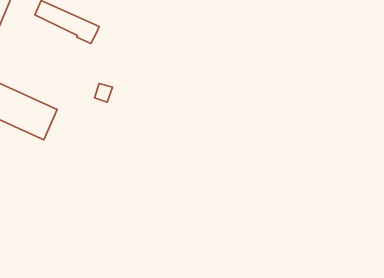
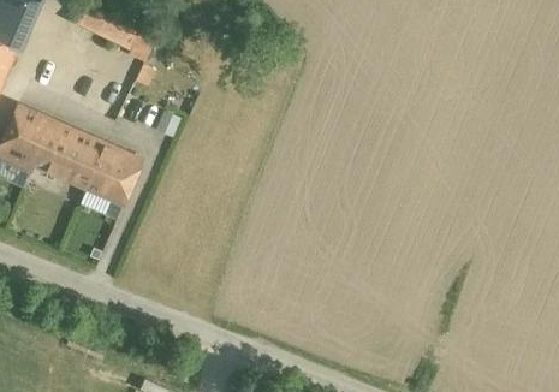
building: none -> [87,148,139,204]

